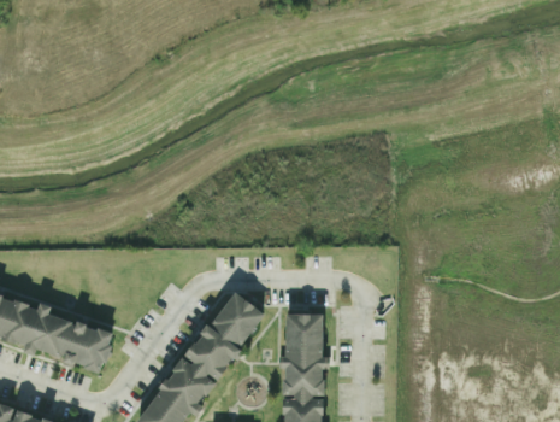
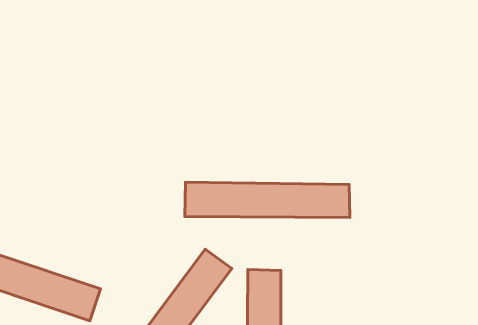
building: none -> [185,182,350,218]

